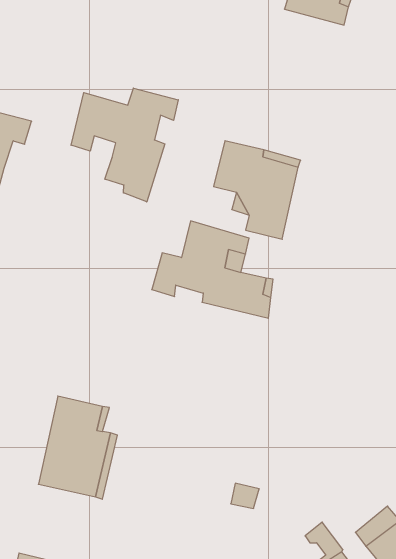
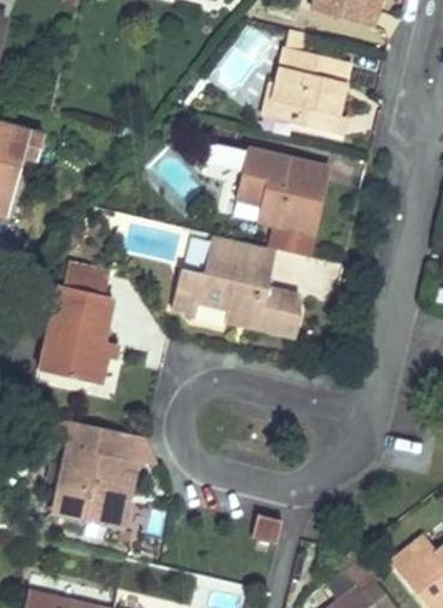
building: none -> [260,25,350,138]
building: [71,88,178,202] -> none
building: none -> [39,265,112,381]

